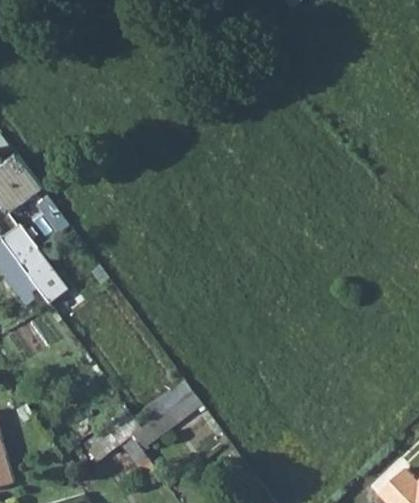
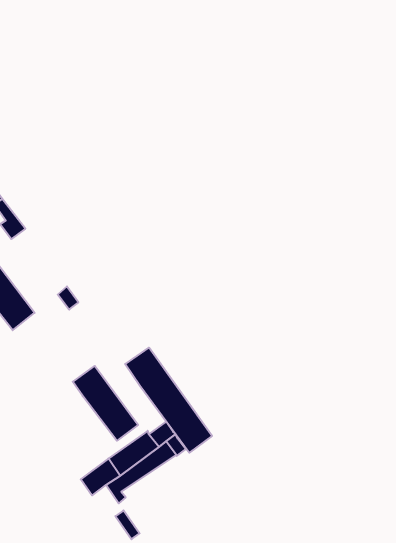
building: none -> [125,348,212,453]
building: none -> [73,366,138,441]

